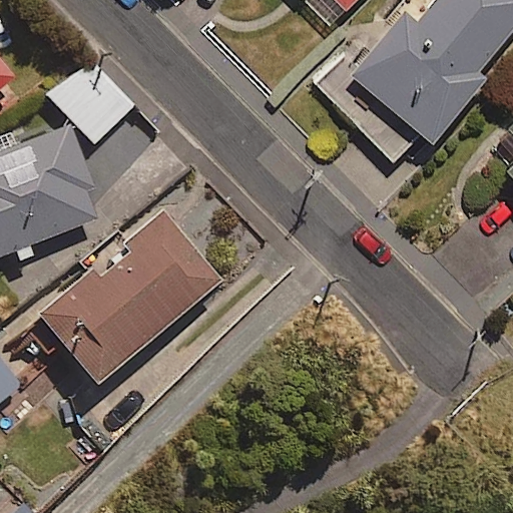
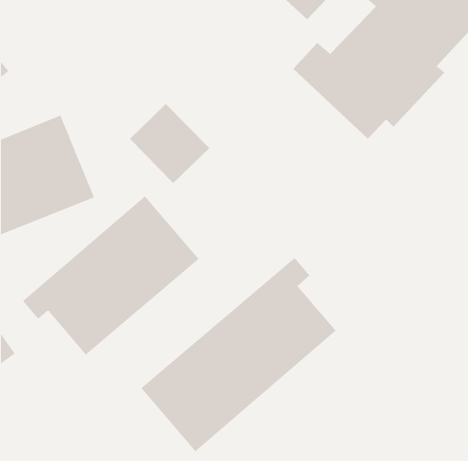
building: [46,53,134,141] -> [129,103,210,184]
building: none -> [141,257,336,452]

